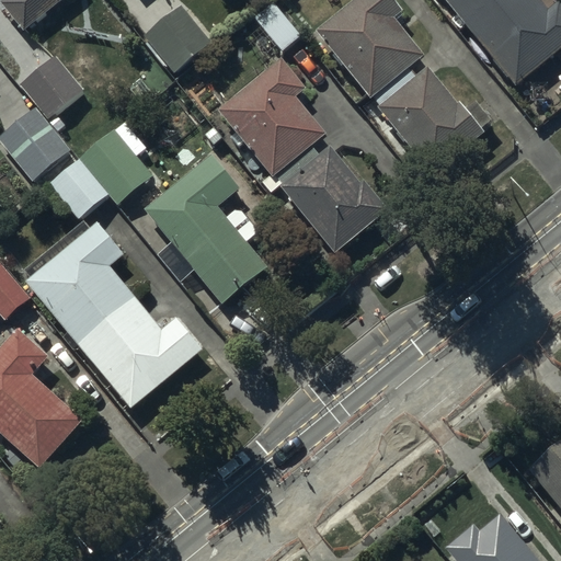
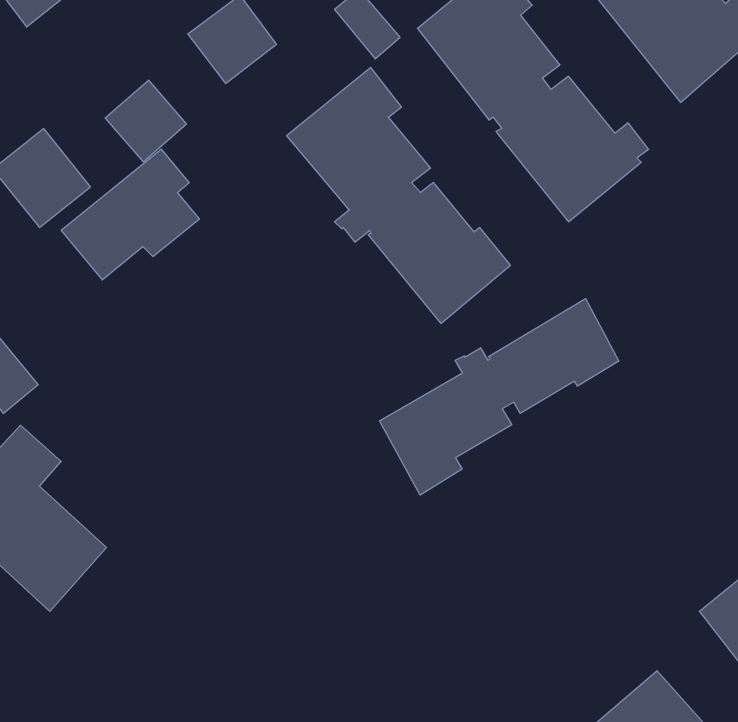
building: [20,55,81,116] -> [105,80,187,162]
building: [145,154,267,304] -> none
building: [24,219,201,408] -> none
building: none -> [380,299,619,495]

